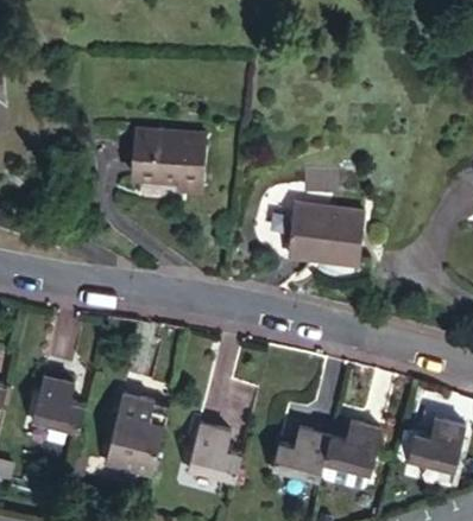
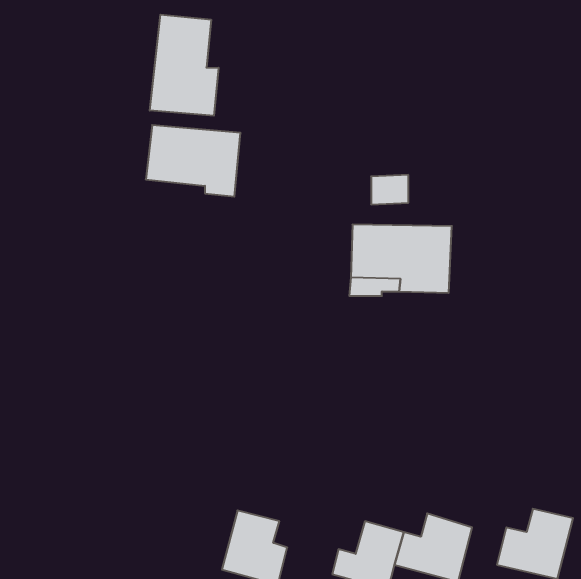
building: none -> [150,15,219,116]
building: [30,375,81,432] -> none
building: [108,388,169,468] -> none

